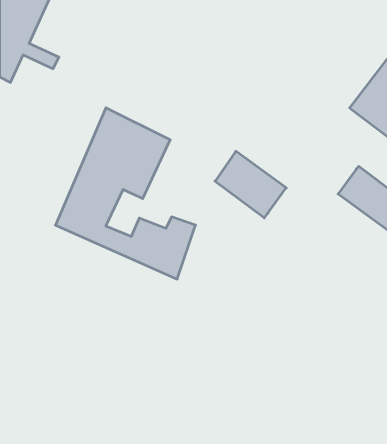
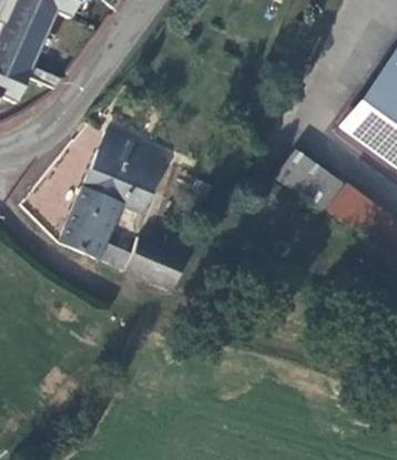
building: [215,151,286,218] -> [278,151,347,215]

